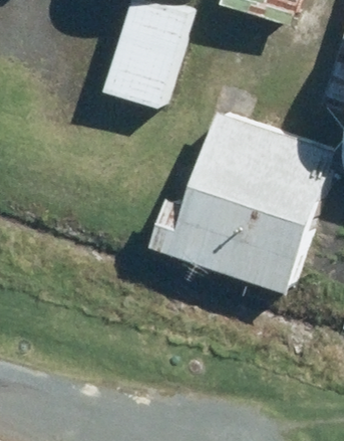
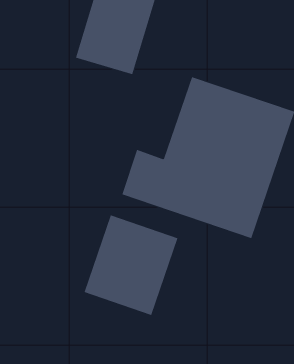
building: none -> [84,215,178,316]

